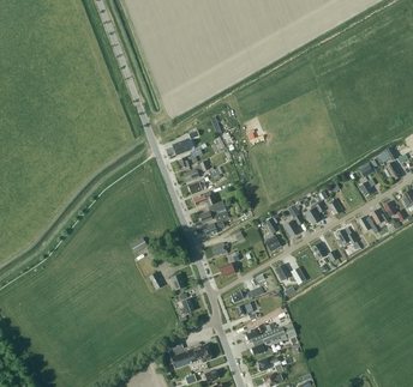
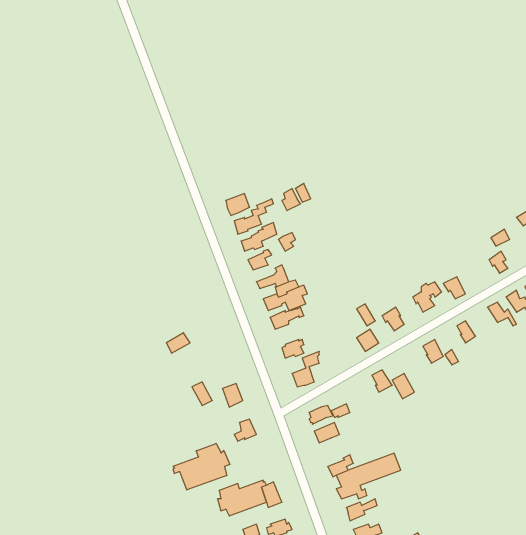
building: none -> [173,443,230,490]

